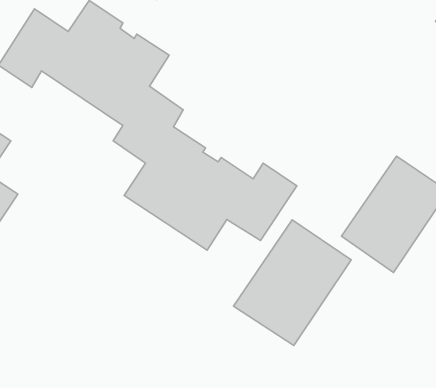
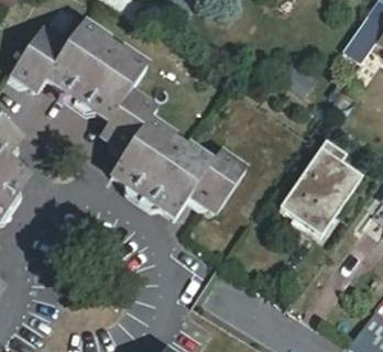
building: [233,220,351,346] -> none

